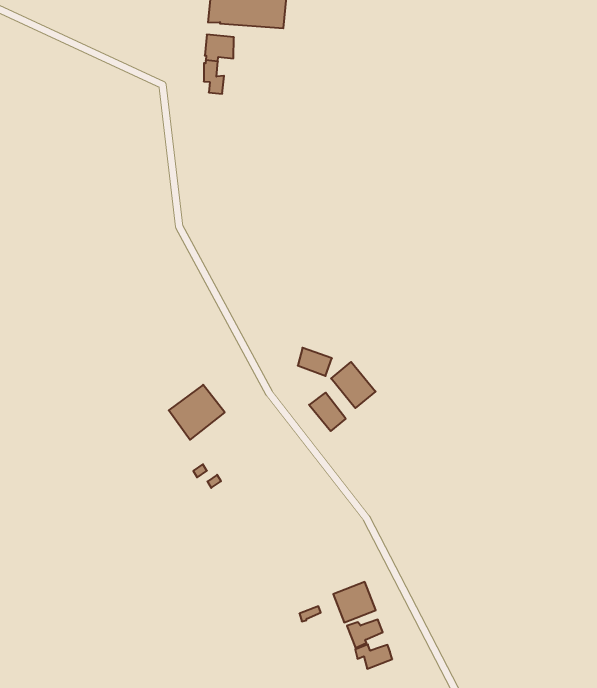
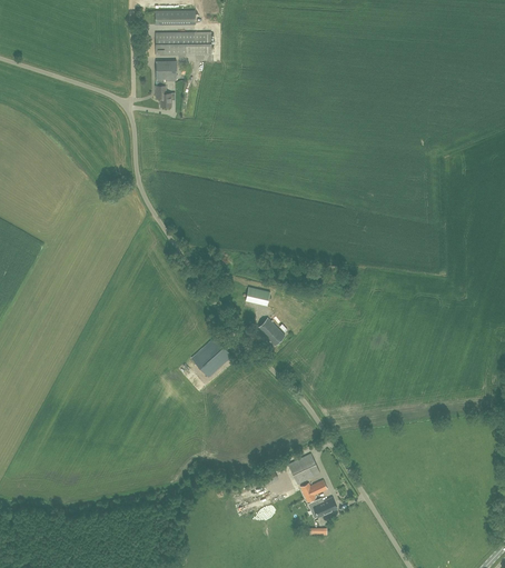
building: [331,362,376,408] -> none
building: [169,385,225,440] -> [191,336,232,377]

